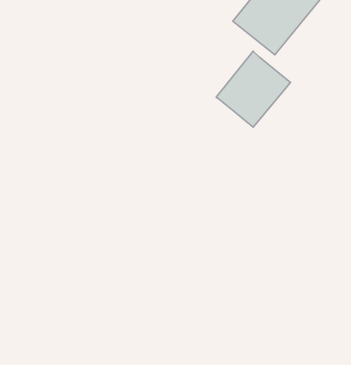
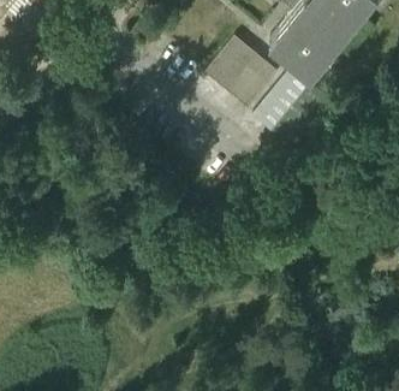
building: none -> [208,40,279,107]

